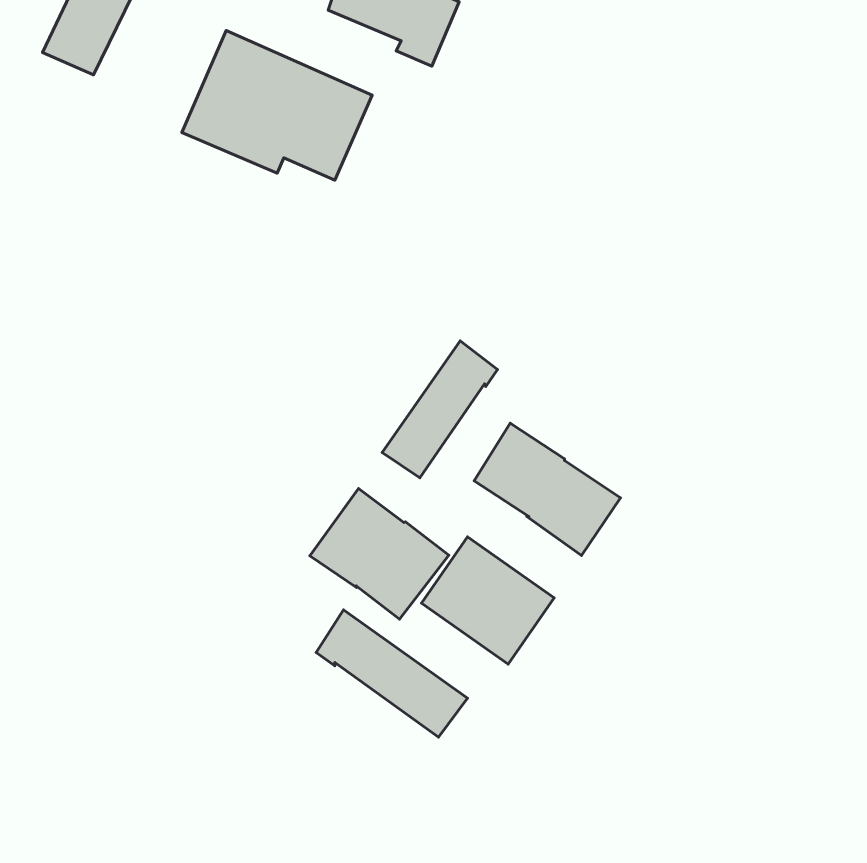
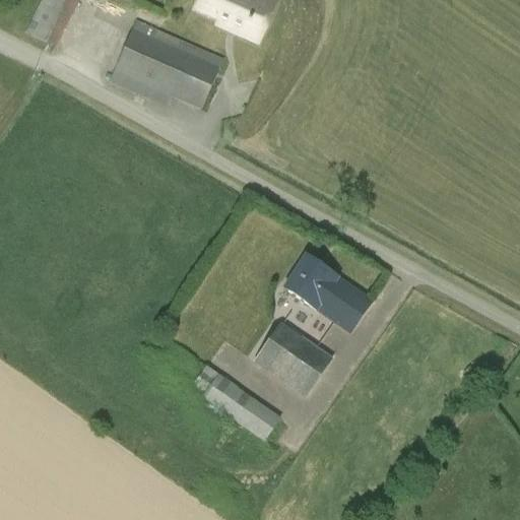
building: [382,341,497,478] -> none
building: [310,489,449,619] -> none

